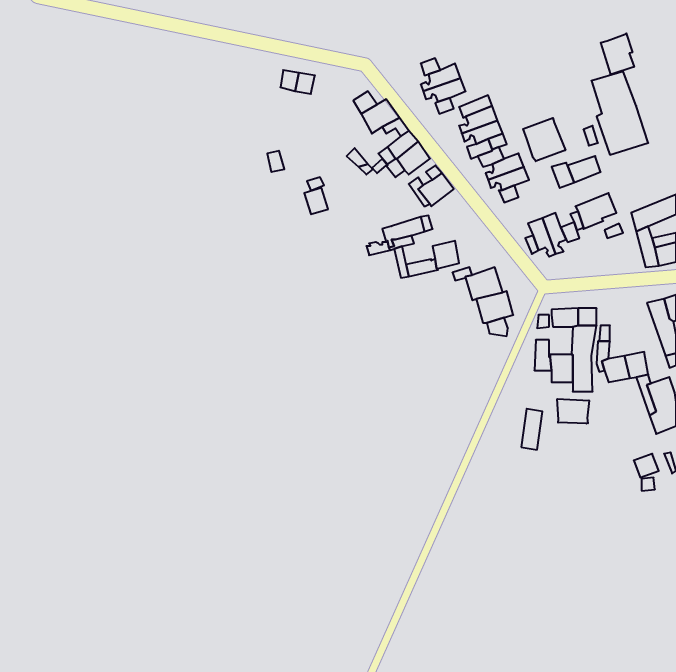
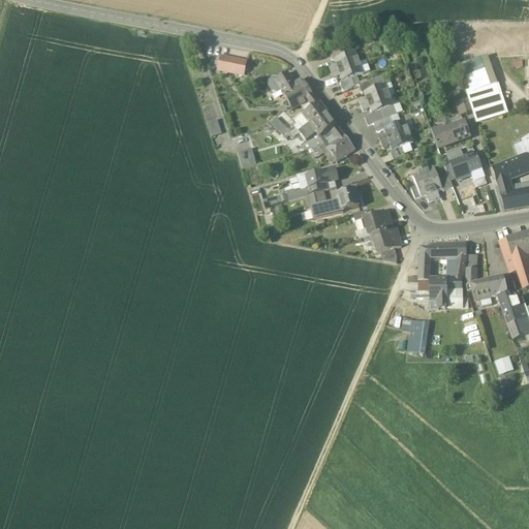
building: [601,33,634,74] -> none
building: [523,118,565,161] -> none
building: [557,399,589,424] -> none

